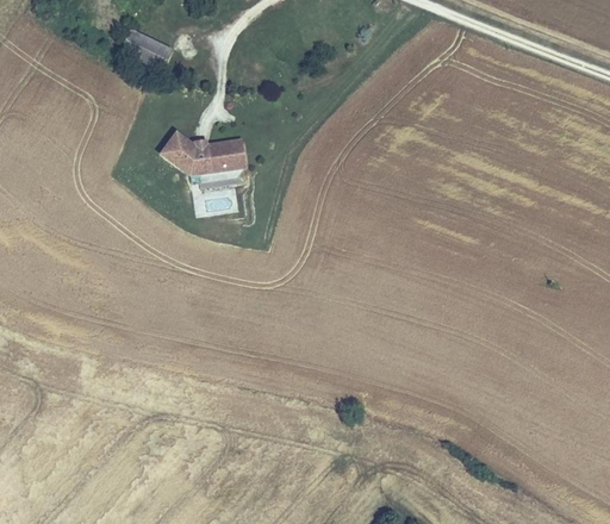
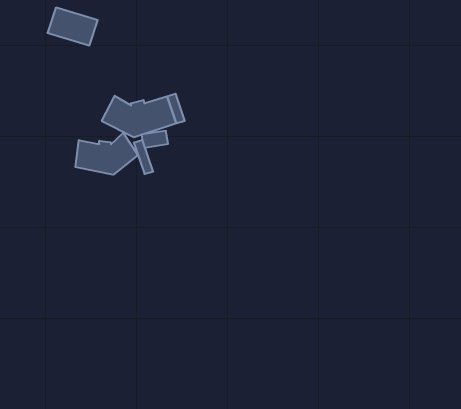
building: none -> [75,133,138,175]

